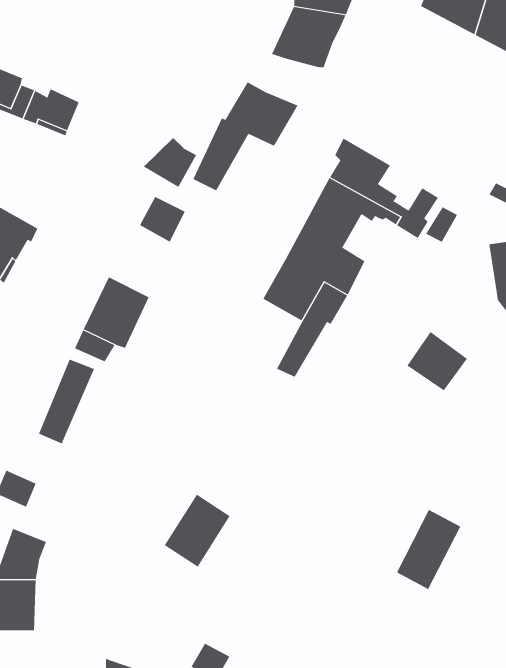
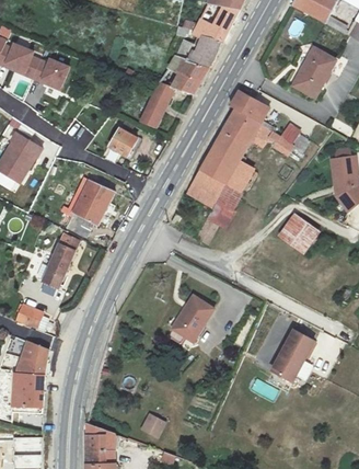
building: none -> [188,39,222,69]
building: none -> [294,46,335,98]
building: [143,137,197,188] -> none
building: [164,494,231,567] -> [171,293,213,340]

